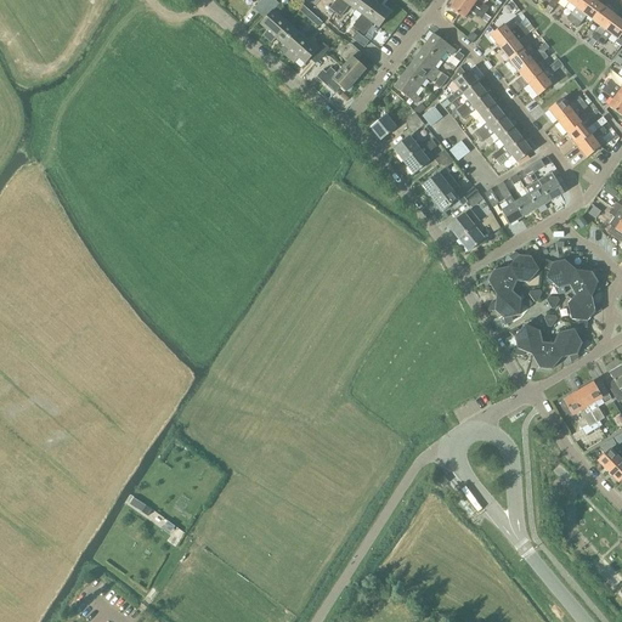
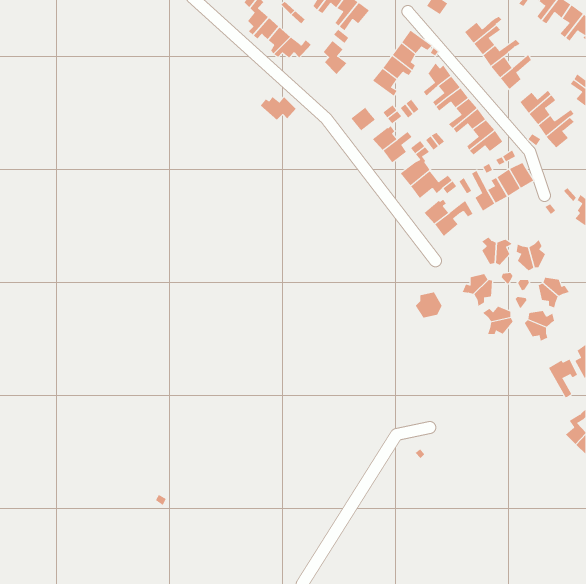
building: [317,66,356,91] -> [260,96,296,120]
building: [488,265,518,293] -> [415,292,442,318]
building: [570,268,599,295] -> none
building: [532,340,562,368] -> none
building: [564,389,601,434] -> none

